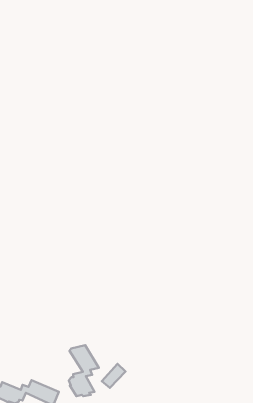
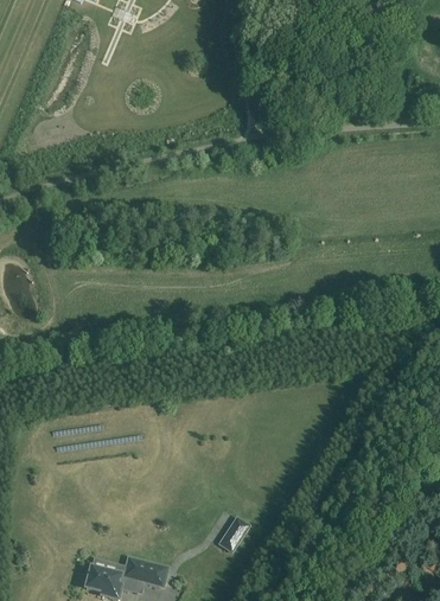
building: [69,345,99,396] -> none

